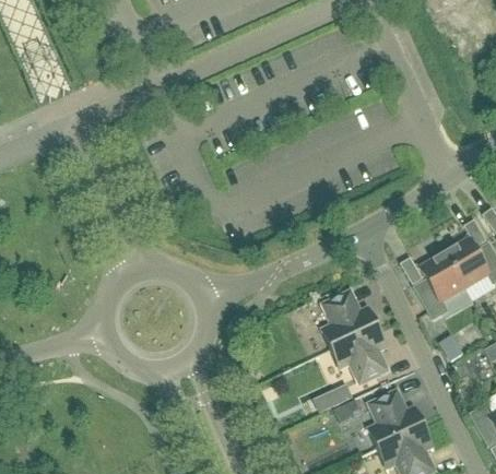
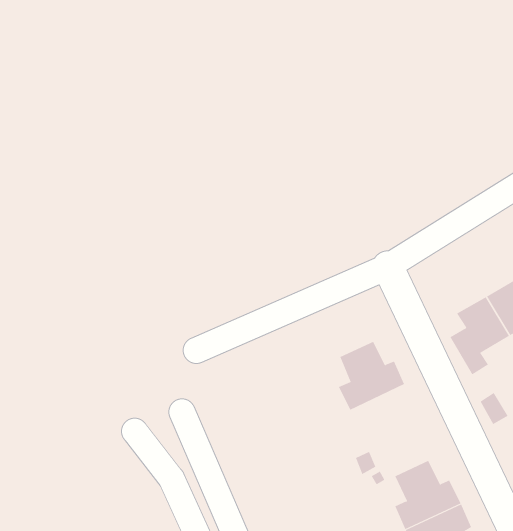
building: [331,327,388,384] -> none

